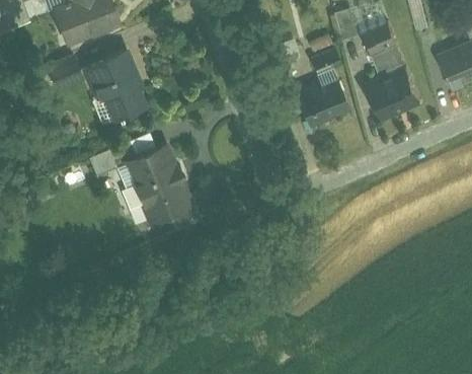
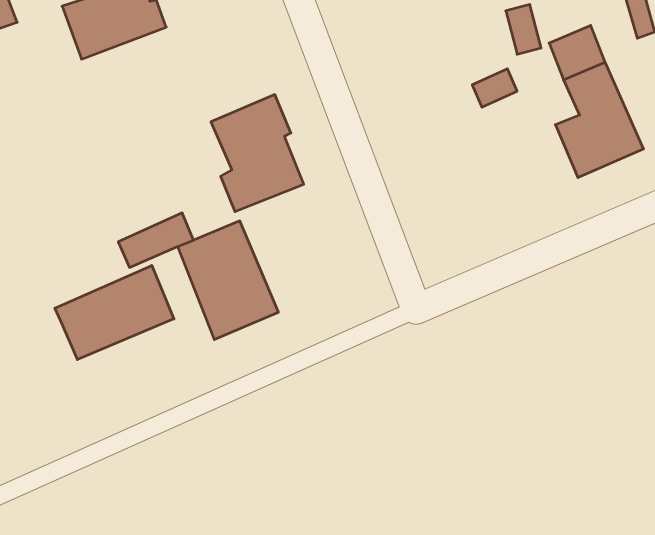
building: [86,51,145,125] -> [211,95,304,212]
building: [298,79,348,125] -> none
building: none -> [55,265,174,360]

